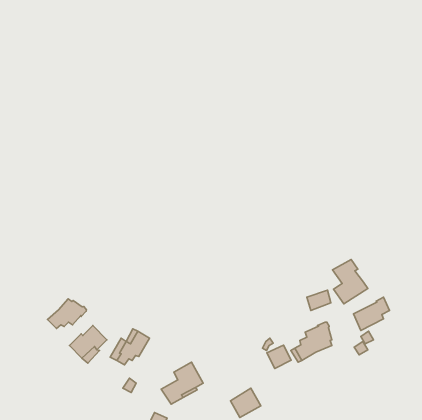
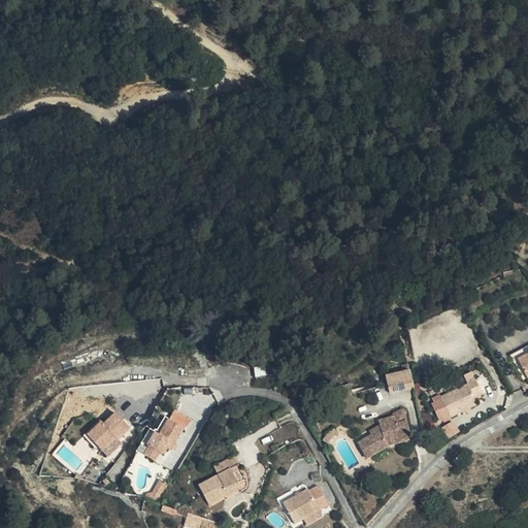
building: [332,259,368,304] -> none
building: [48,299,87,329] -> none
building: [267,345,291,368] -> none

